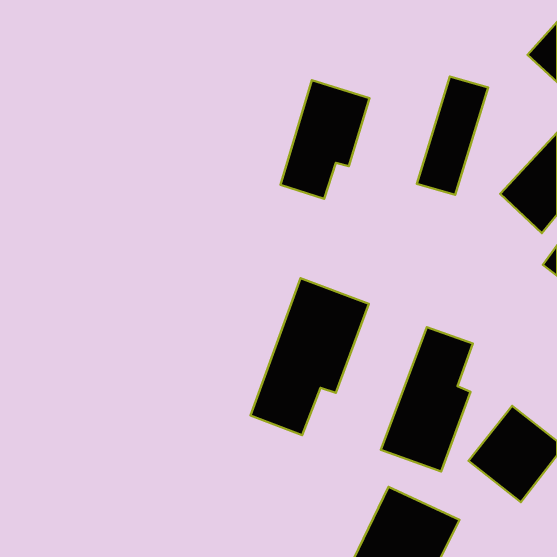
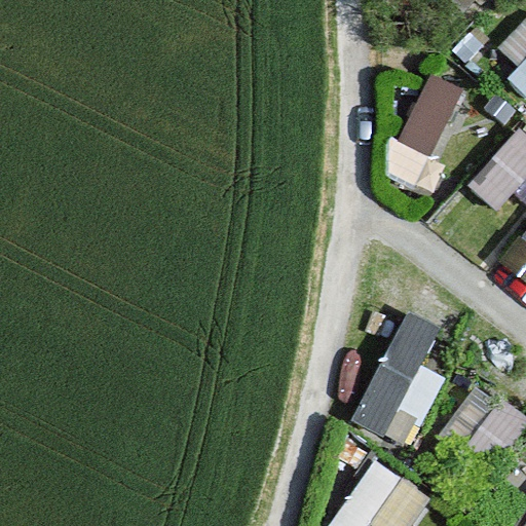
building: [281,80,369,199] -> none
building: [250,278,369,435] -> none

